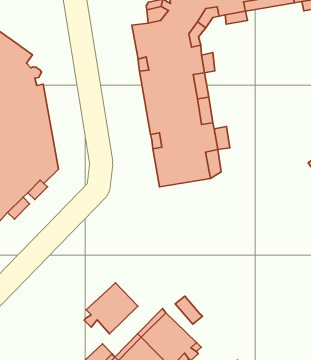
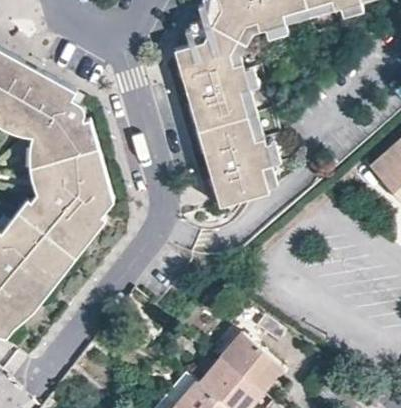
building: [84,283,138,334] -> none

